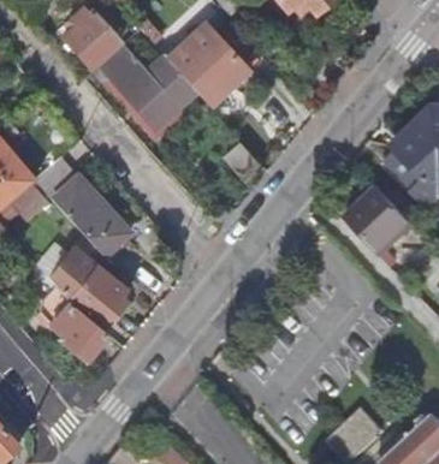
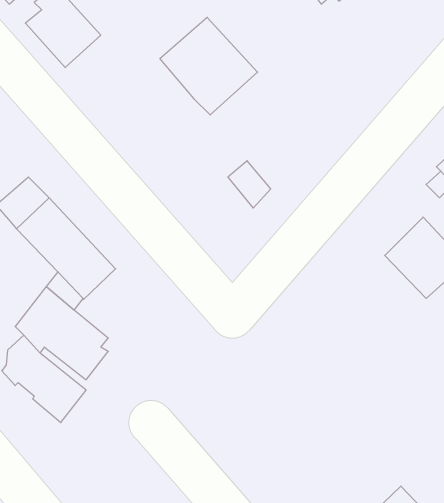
building: [97,42,194,126] -> none

